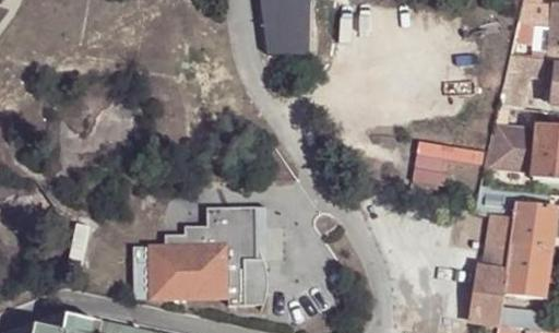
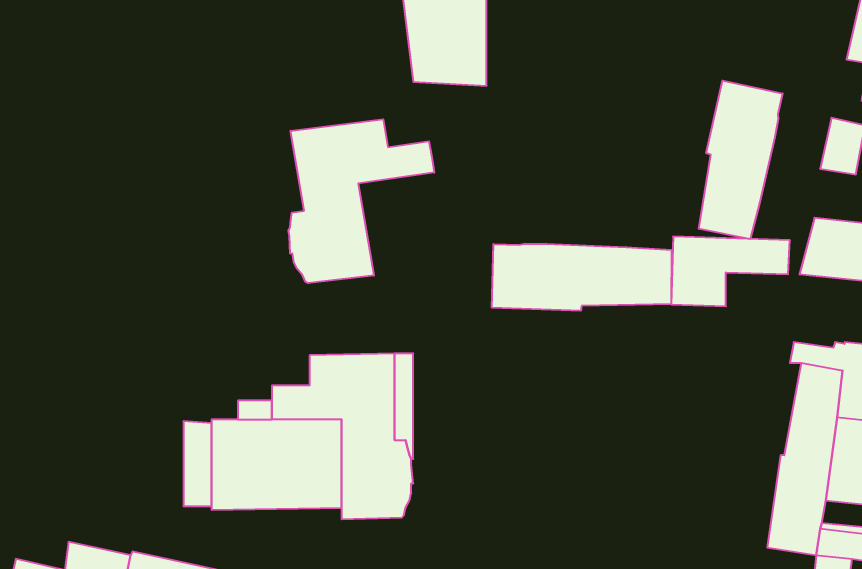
building: none -> [699,81,783,239]
building: none -> [289,119,434,283]
building: none -> [492,244,671,311]

